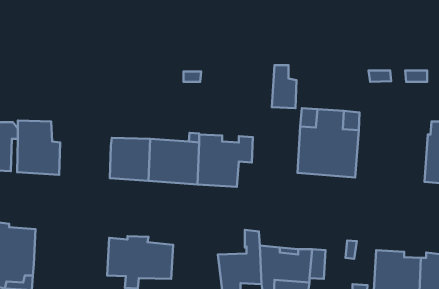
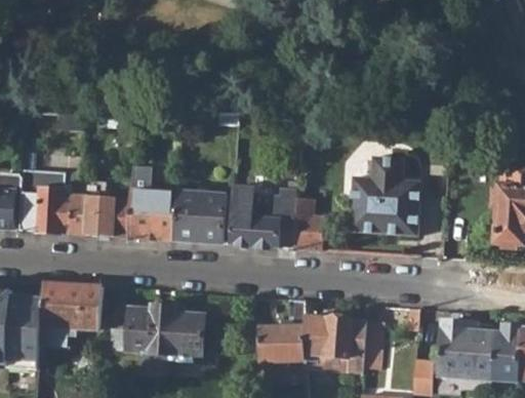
building: [272,65,296,108] -> [295,199,324,249]
building: none -> [71,195,131,237]
building: none -> [41,281,100,339]

